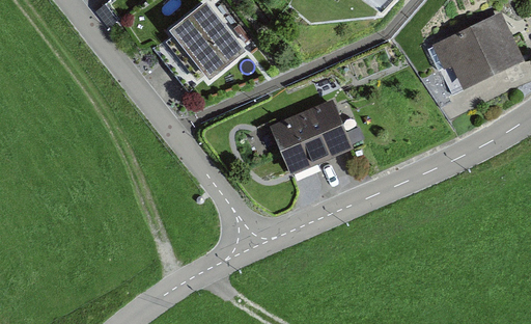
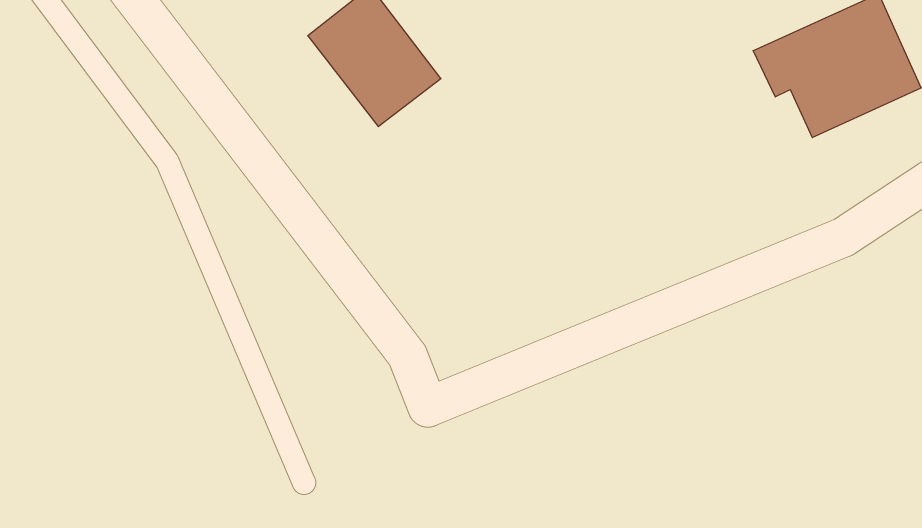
building: [263,97,345,172] -> none

